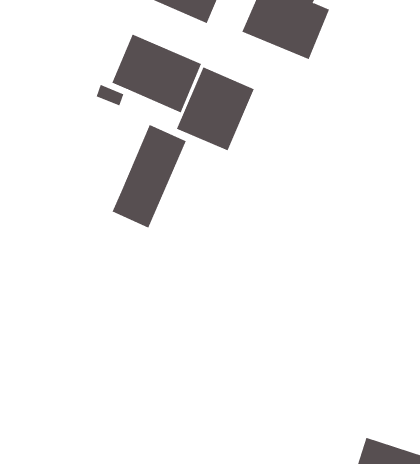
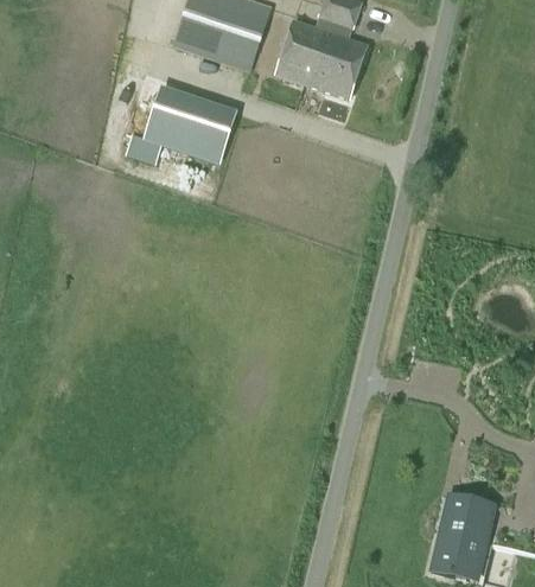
building: [176,67,254,151] -> none
building: [112,124,186,229] -> none

